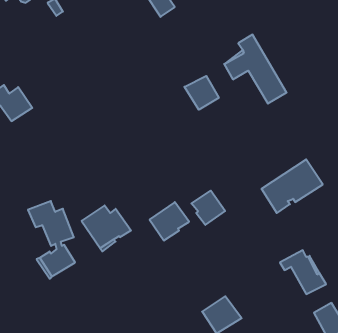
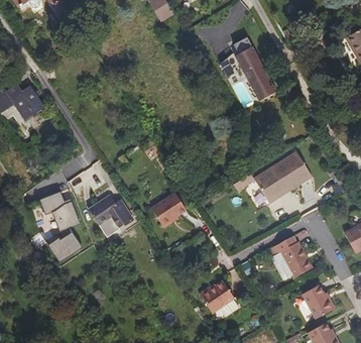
building: [184,76,219,110] -> none
building: [191,191,225,225] -> none

